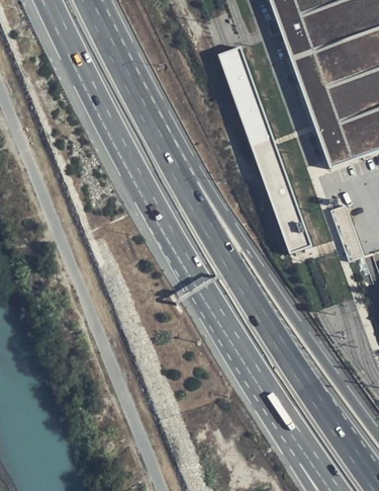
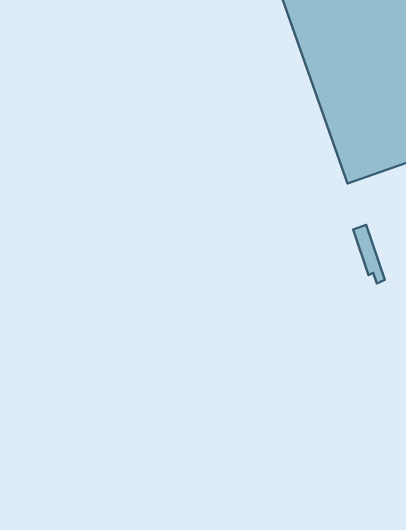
building: [217,45,311,252] -> none

